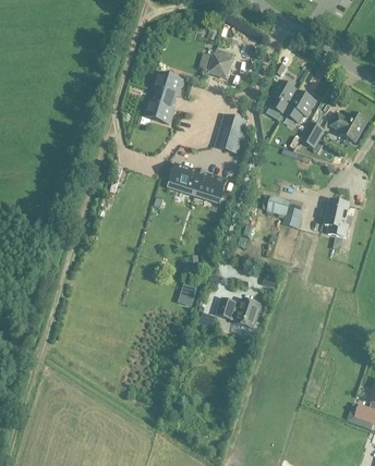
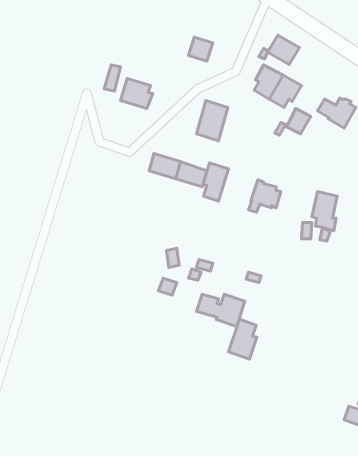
building: none -> [267,35,300,65]
building: [150,72,182,100] -> none
building: none -> [203,163,229,201]
building: none -> [228,319,257,359]

